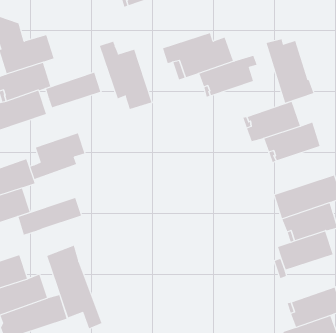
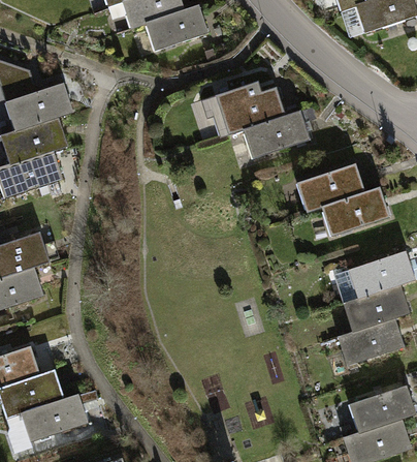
building: [266,38,314,104] -> none
building: [99,41,152,110] -> none
building: [45,72,101,108] -> none
building: [30,133,85,180] -> none
building: [18,197,82,235] -> none
building: [47,245,102,329] -> none

